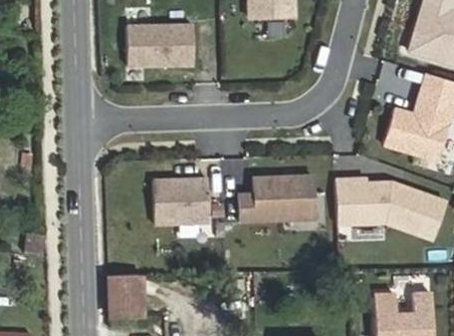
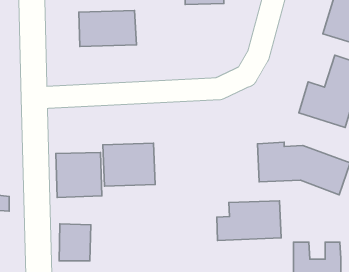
building: [239,175,314,221] -> [217,201,281,240]
building: none -> [56,152,102,197]

